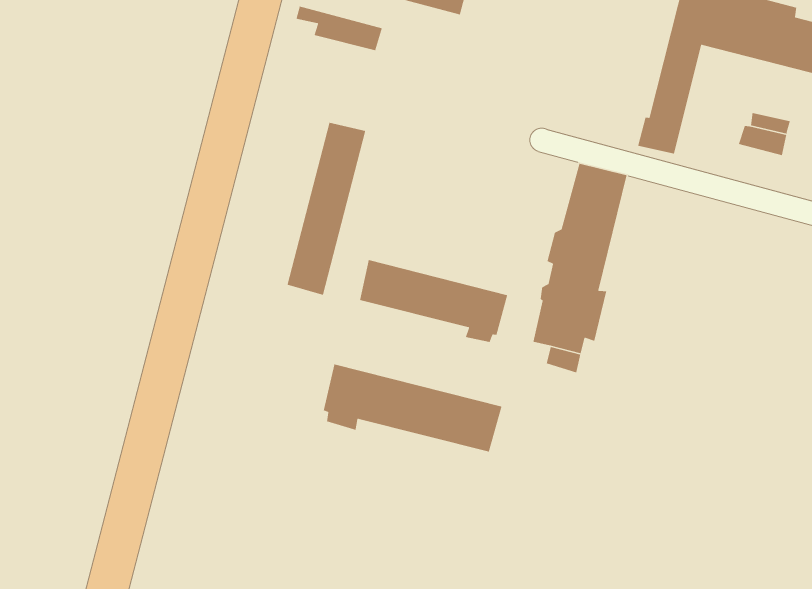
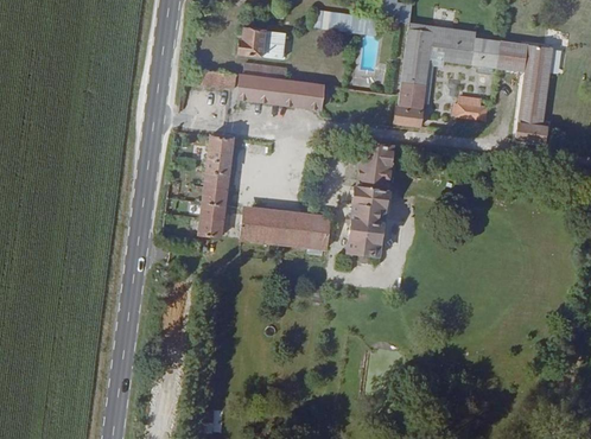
building: none -> [240,66,333,114]
building: [323,364,503,453] -> none

